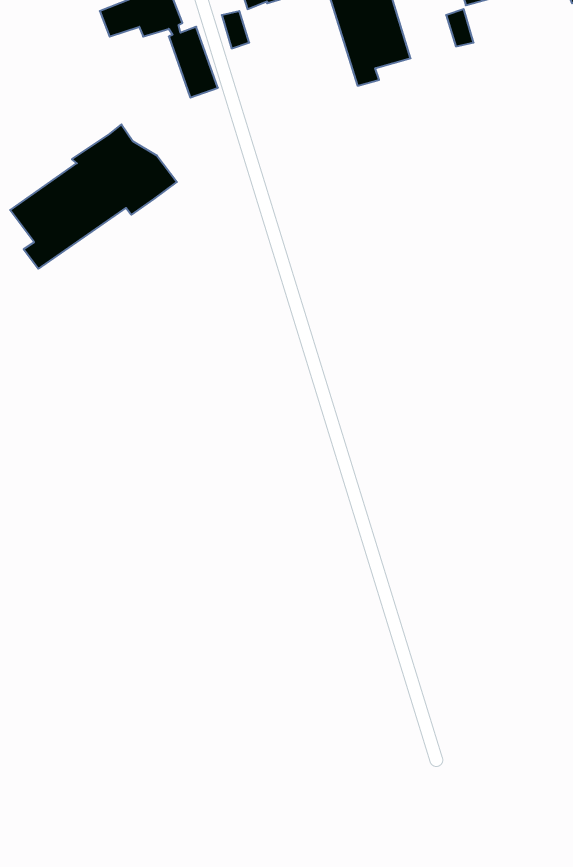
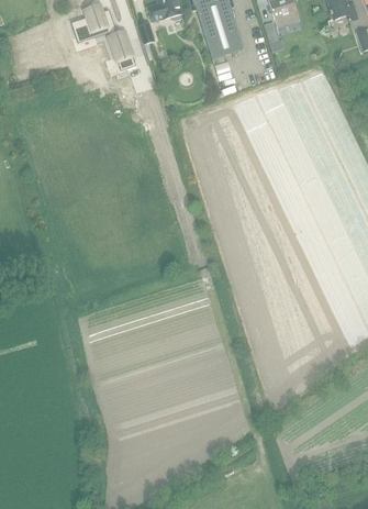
building: [10,124,177,269] -> none

